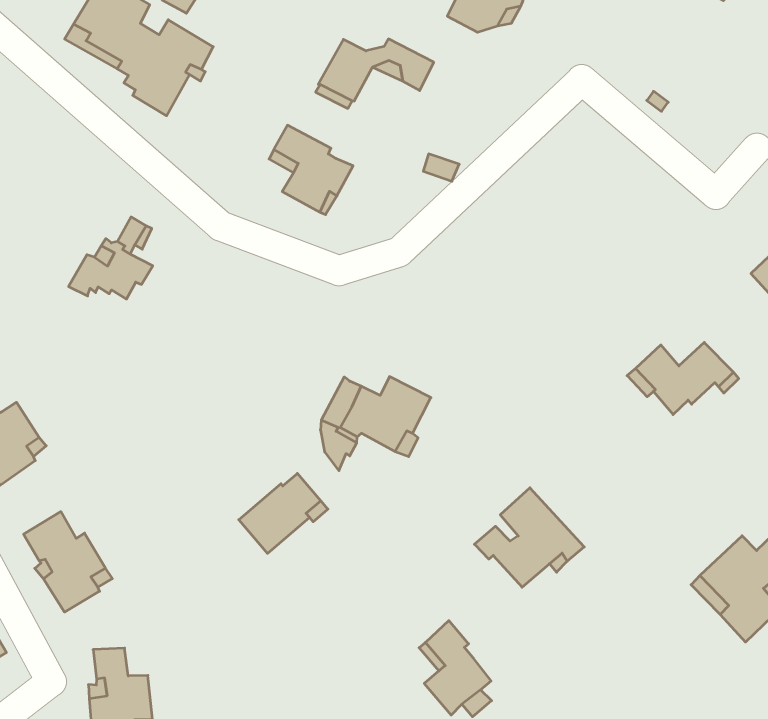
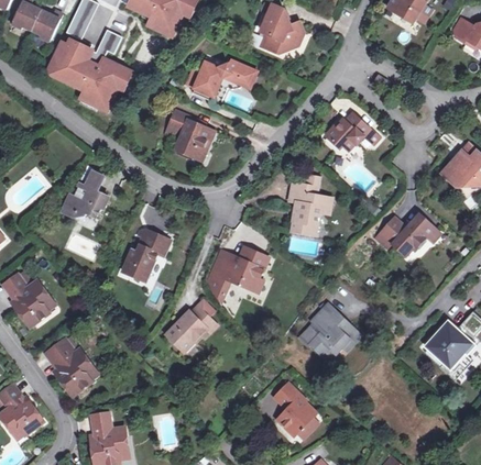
building: none -> [324,112,376,148]
building: none -> [288,176,330,233]
building: none -> [121,229,168,279]

